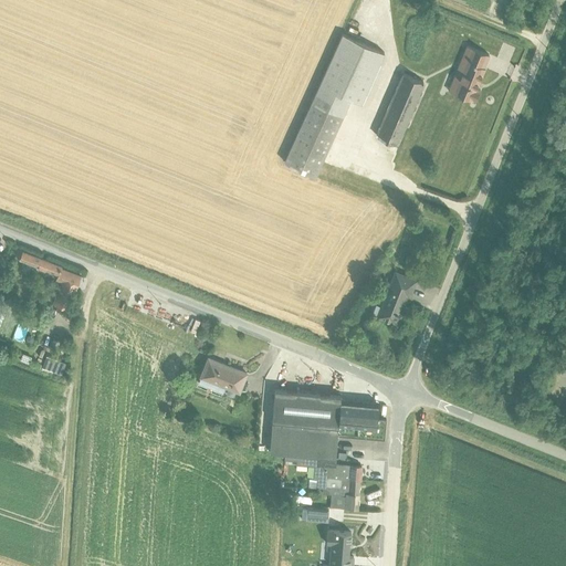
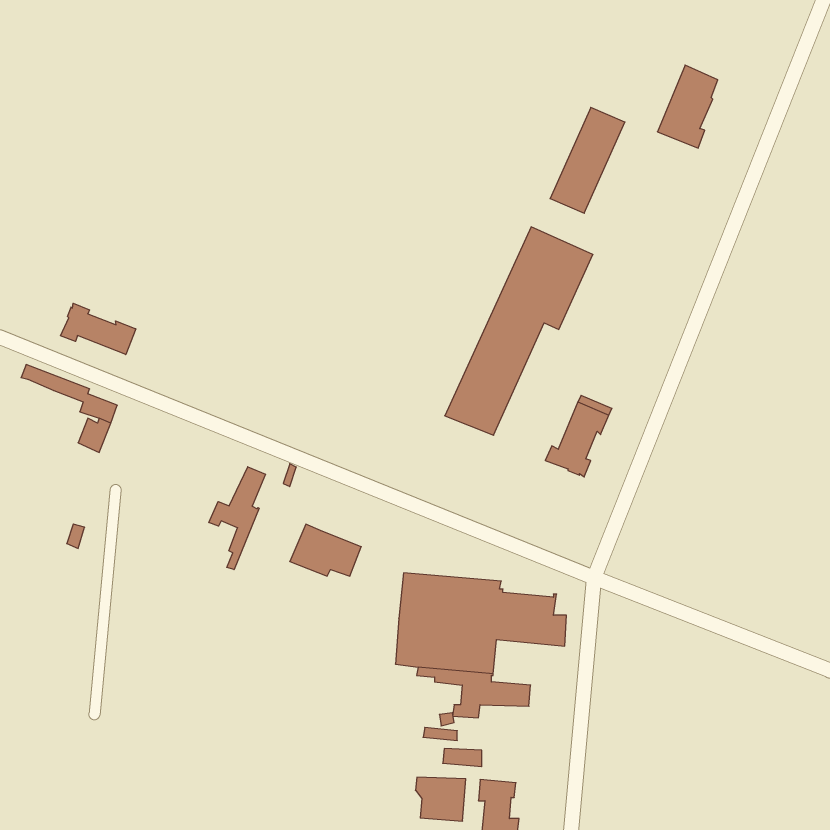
building: [283,34,384,176] -> [445,227,593,435]
building: none -> [60,303,136,355]
building: none -> [209,467,265,570]
building: [325,480,359,510] -> [415,777,466,821]

